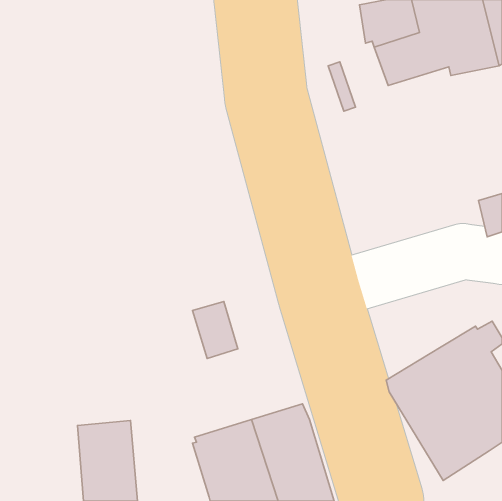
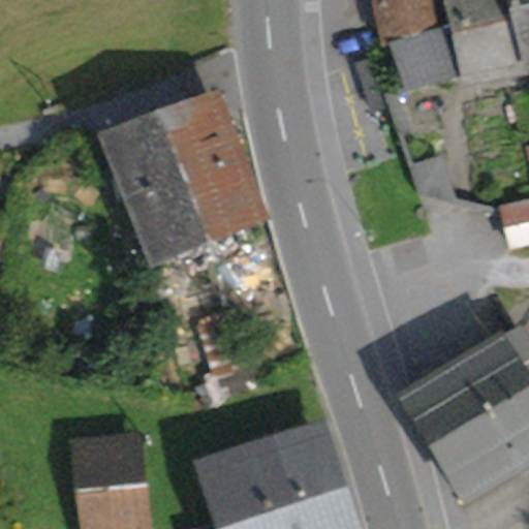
building: none -> [106,96,257,258]

